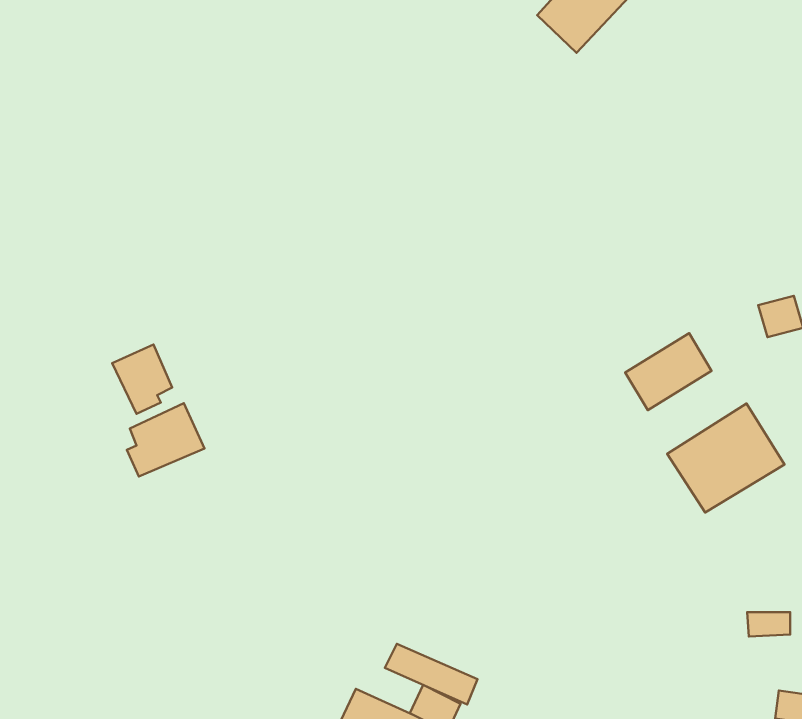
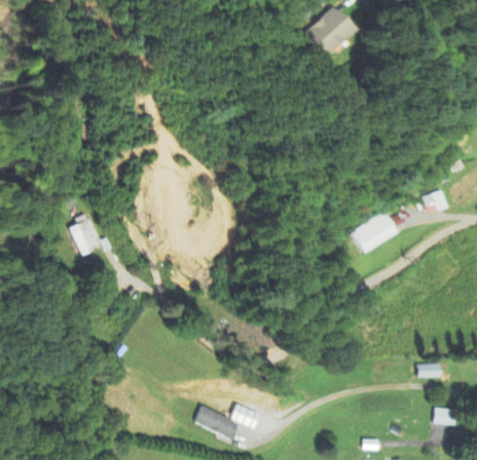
building: [127,403,204,477] -> none
building: [667,403,784,513] -> none
building: [385,644,477,705] -> none

